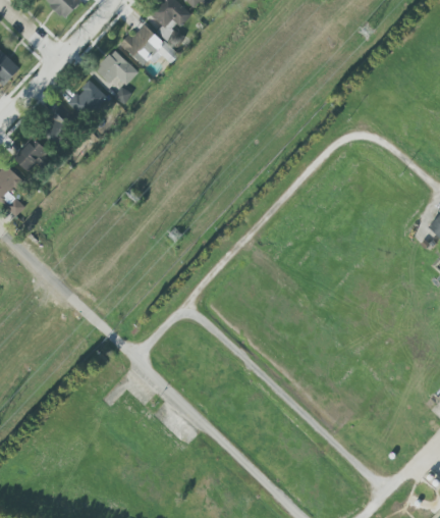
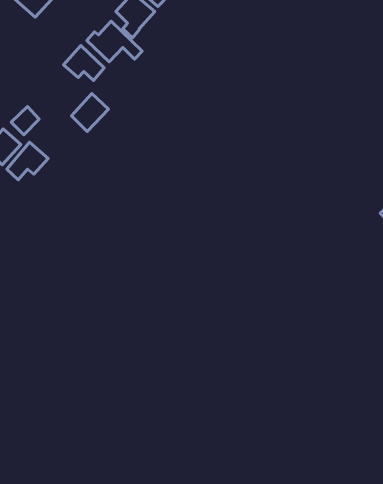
building: [67,80,106,119] -> [72,94,108,131]
building: none -> [7,142,48,180]

